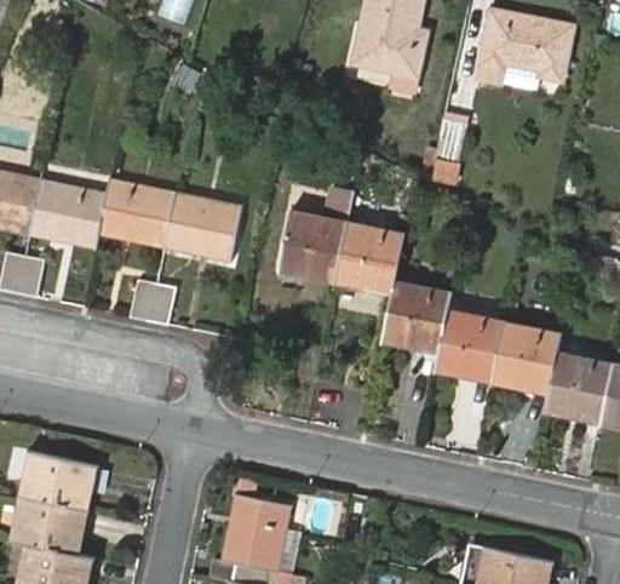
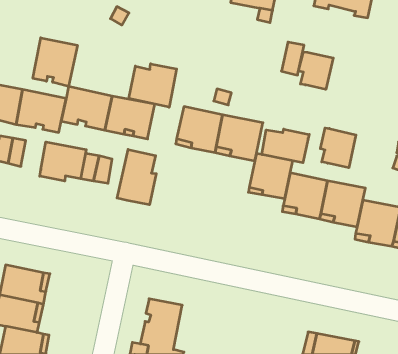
building: none -> [33,38,77,86]
building: none -> [298,52,333,89]
building: none -> [129,64,177,107]
building: none -> [320,128,356,168]
building: none -> [262,129,309,163]
building: none -> [40,142,86,181]
building: none -> [117,149,156,205]

